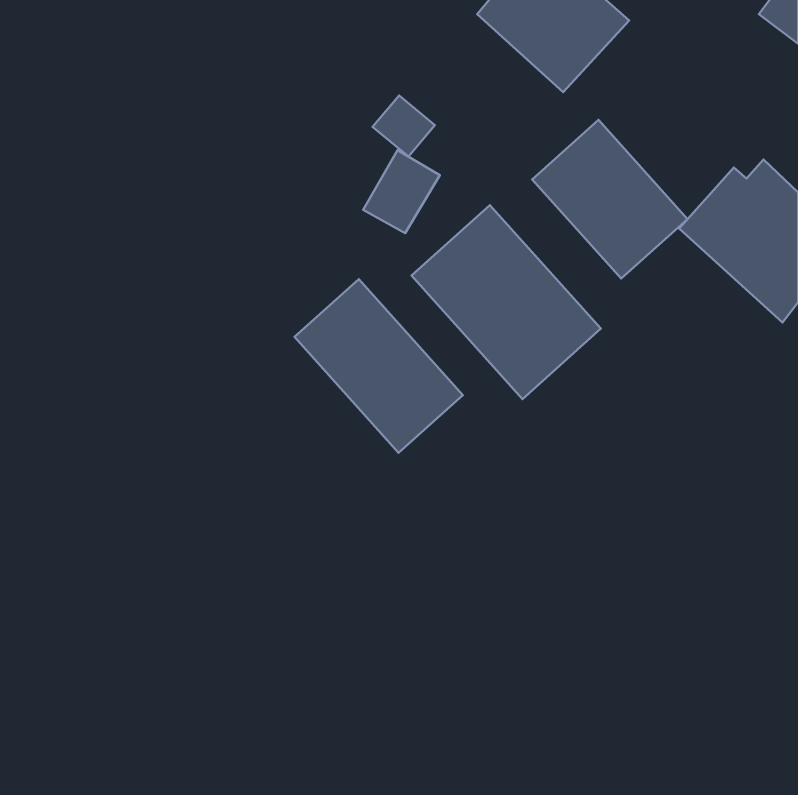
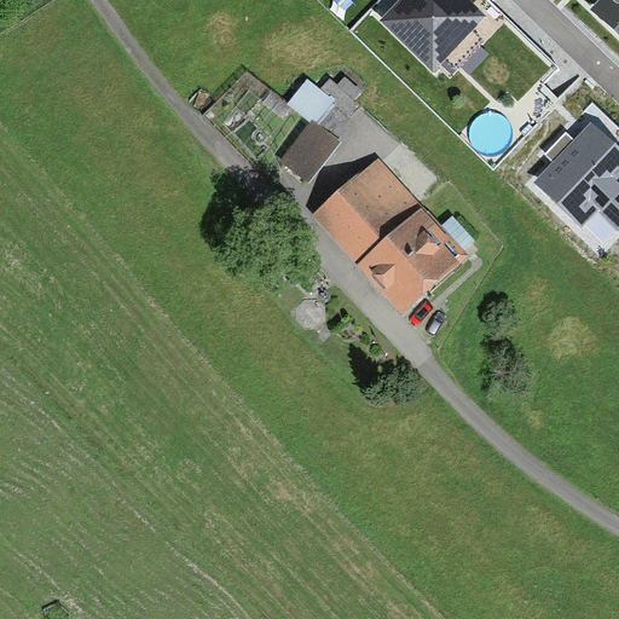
building: [532,120,688,279] -> none
building: [294,279,463,453] -> none

